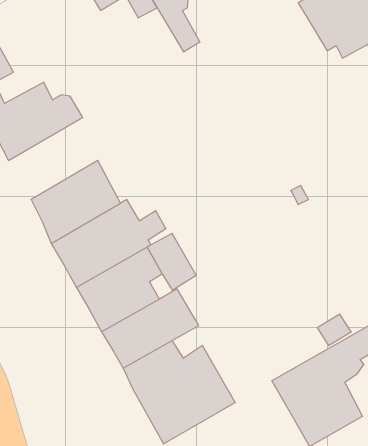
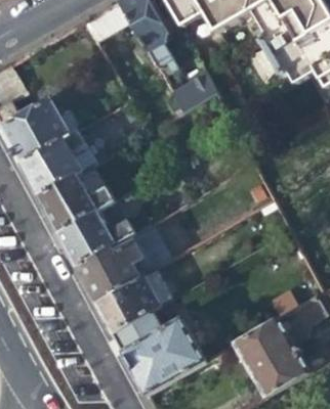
building: none -> [170,73,215,112]
building: none -> [18,131,95,196]

